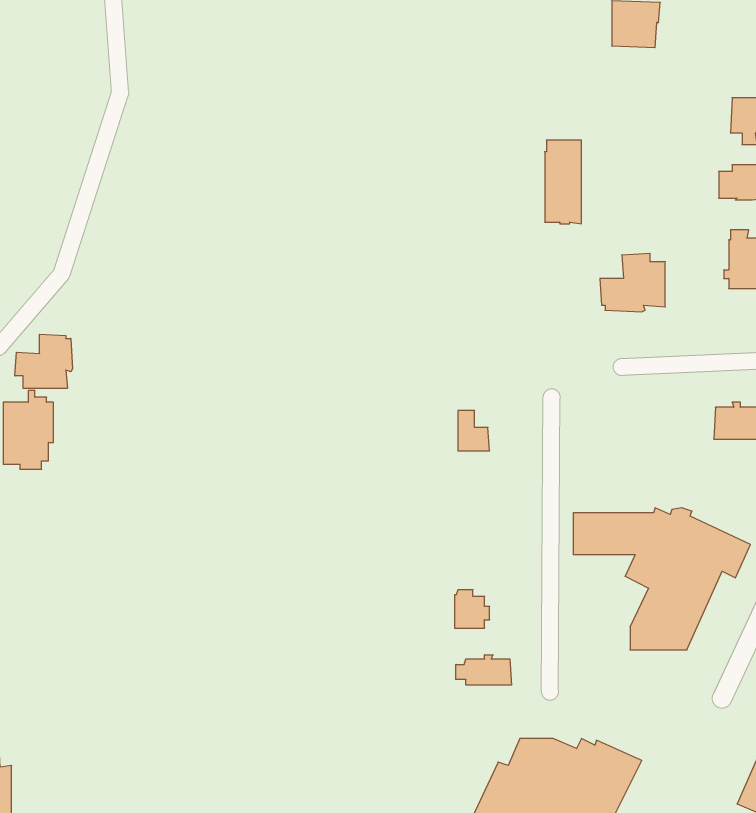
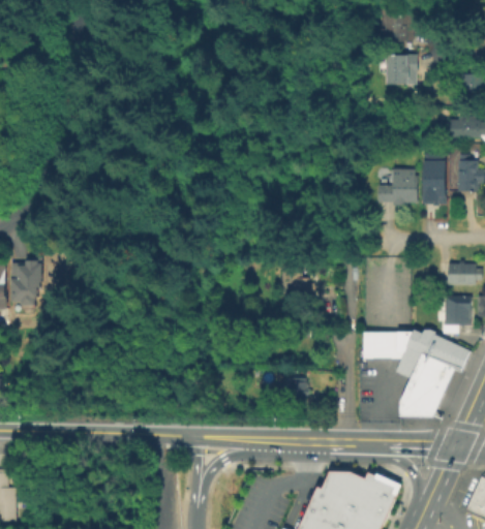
building: none -> [383,56,418,86]
building: [545,140,581,224] -> [422,153,445,205]
building: [15,334,72,388] -> none
building: none -> [443,295,468,323]
building: [456,655,511,685] -> none

